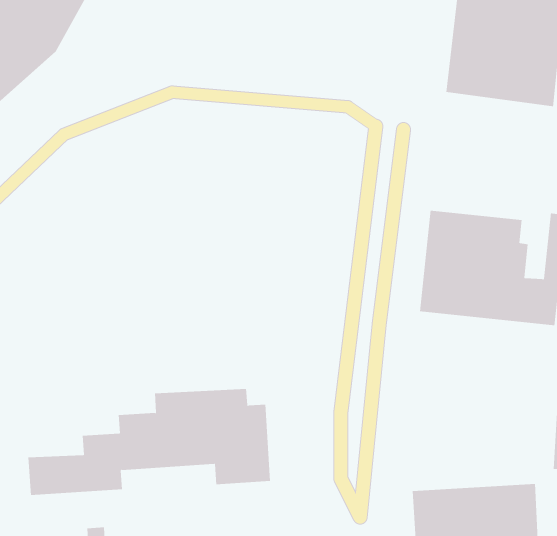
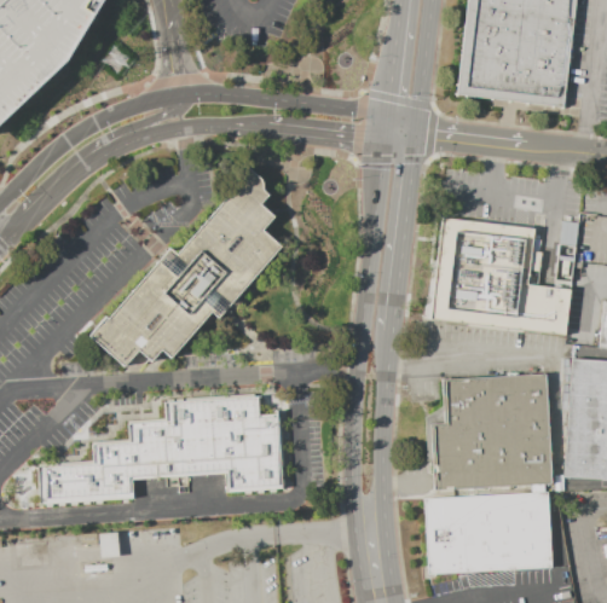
building: none -> [88,164,281,365]
building: none -> [432,373,553,489]

